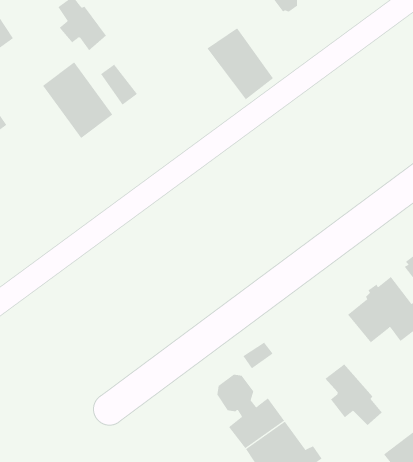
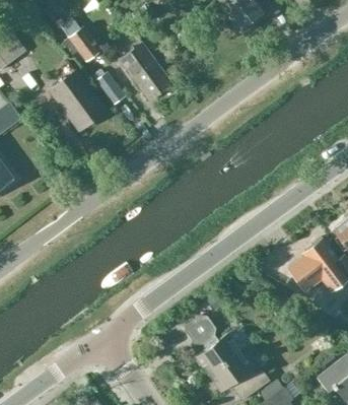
building: [207,28,274,100] -> [118,44,170,100]
building: [324,363,383,426] -> none

